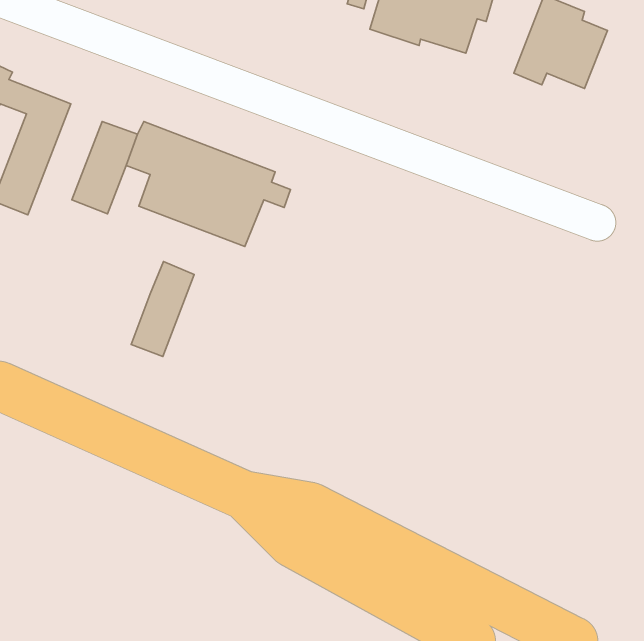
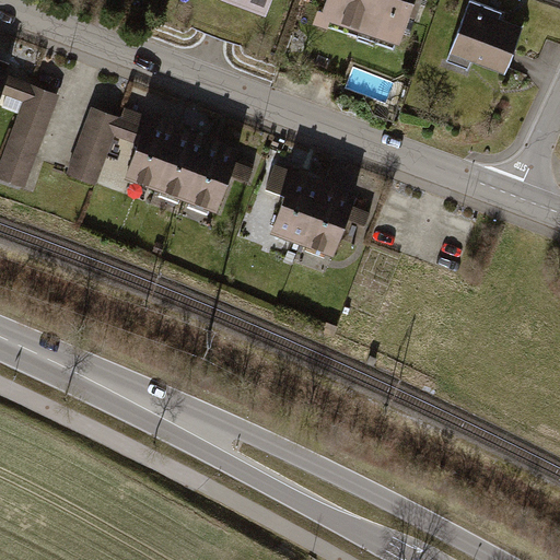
building: none -> [259,161,368,258]
building: [131,261,194,356] -> none

